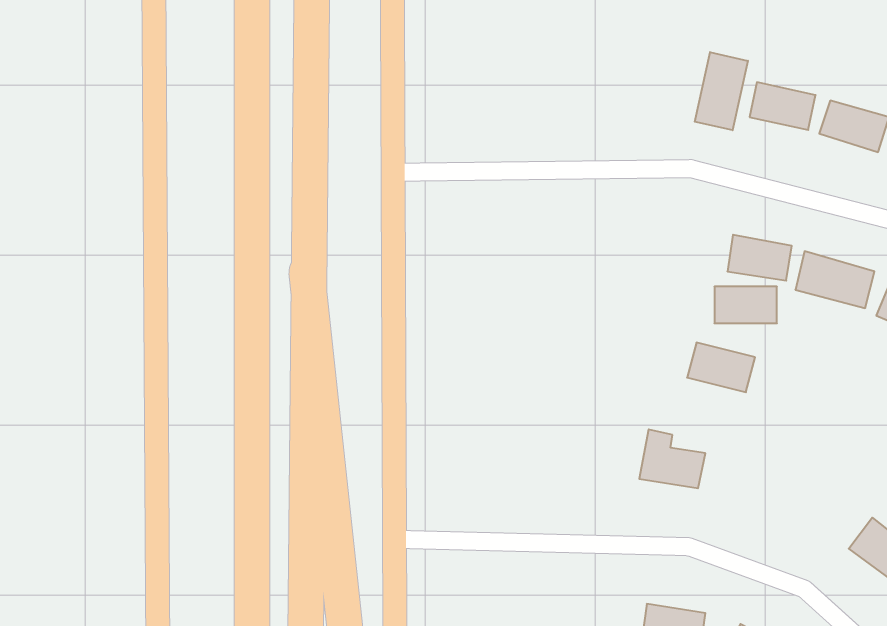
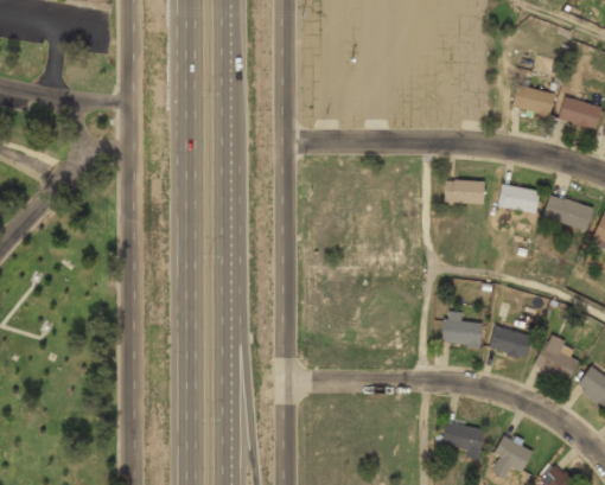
building: [695,52,748,130] -> none
building: [714,287,777,323] -> [445,180,485,204]
building: [687,343,755,392] -> [489,326,533,358]
building: none -> [535,334,579,381]

